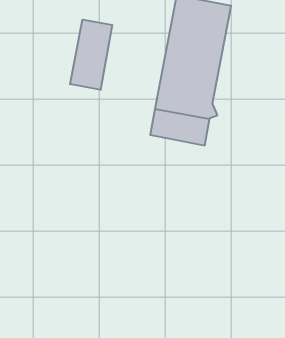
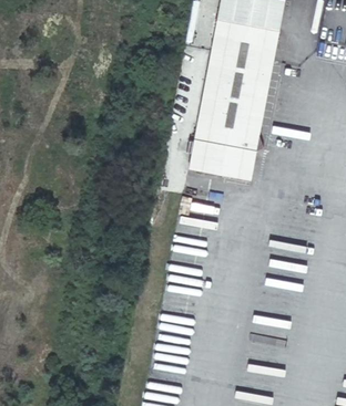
building: [70,20,112,90] -> none

